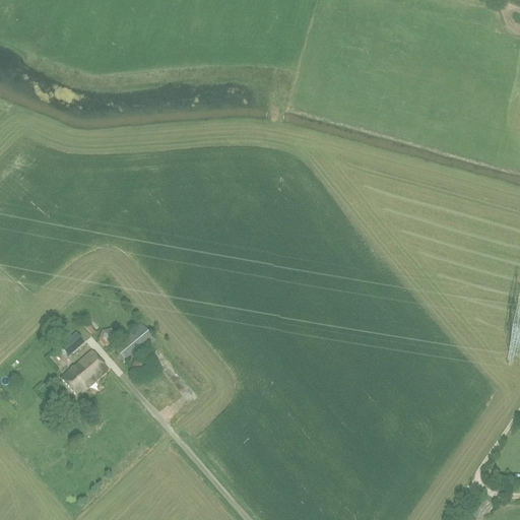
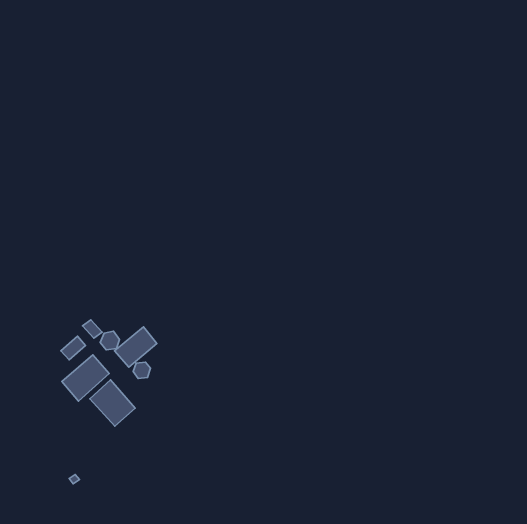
building: none -> [90,380,135,426]

